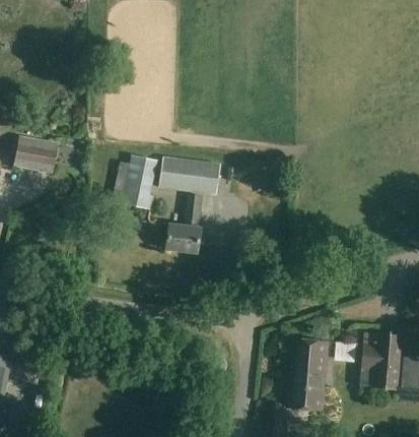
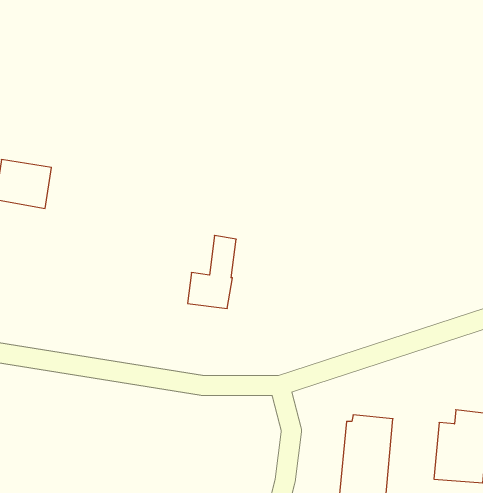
building: [120,153,157,209] -> none
building: [157,157,220,196] -> none

